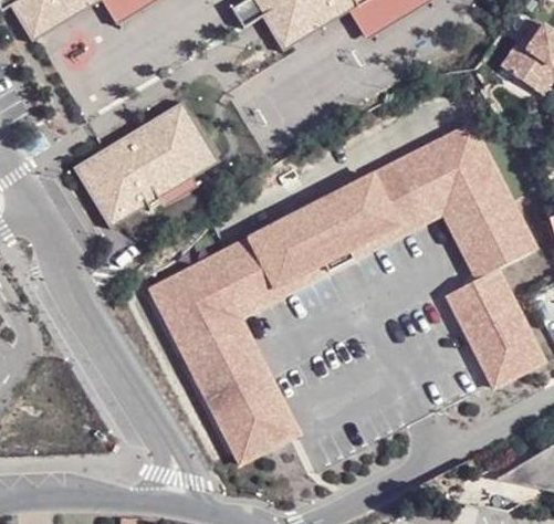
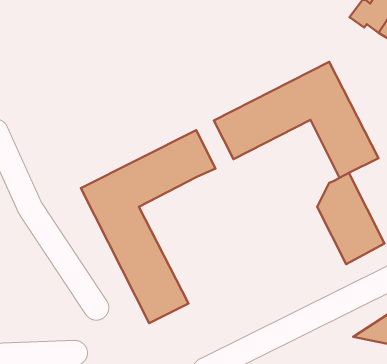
building: [82,108,211,217] -> none
building: [223,199,483,437] -> none

